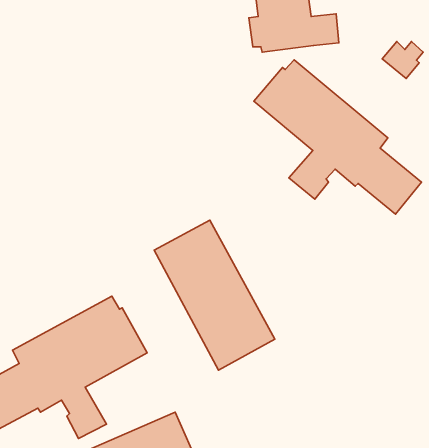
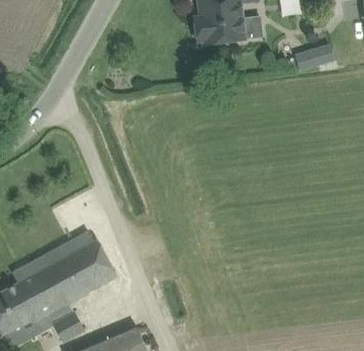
building: [254,60,421,214] -> none
building: [154,220,275,370] -> none

